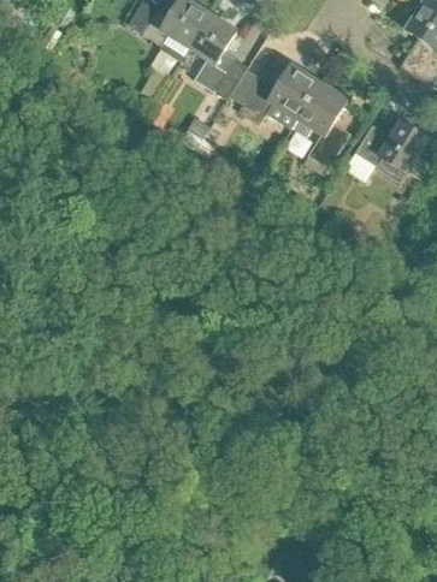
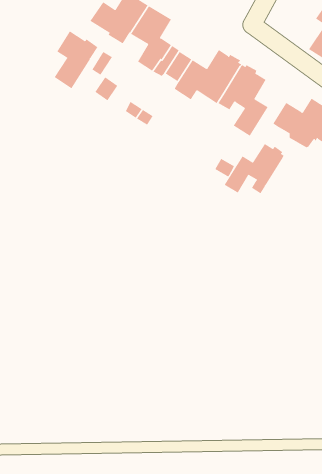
building: none -> [54,30,98,89]
building: none -> [224,143,284,194]

